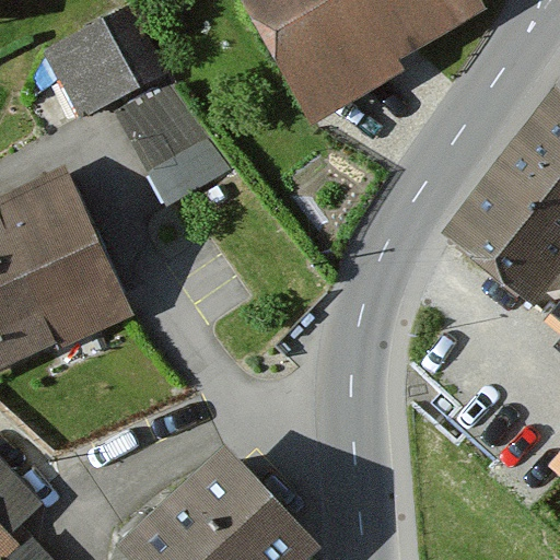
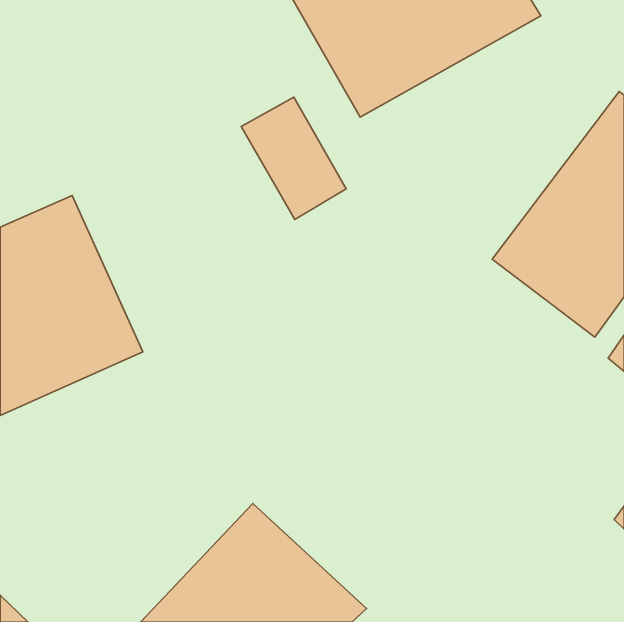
building: [40,14,158,118] -> none
building: [112,97,206,207] -> [241,97,346,220]

